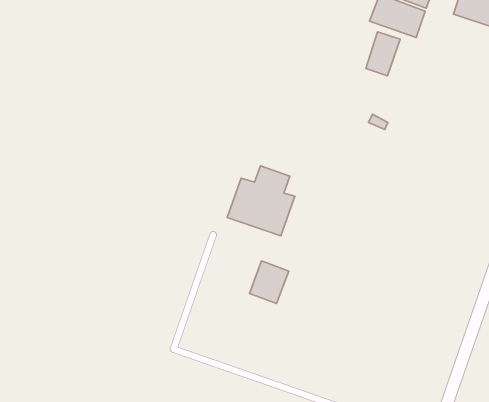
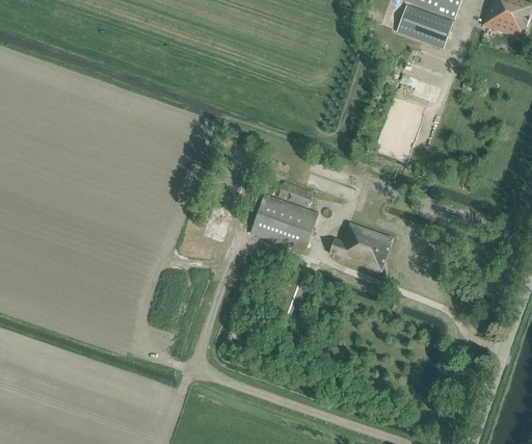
building: [366,32,400,76] -> none
building: none -> [328,223,393,271]

